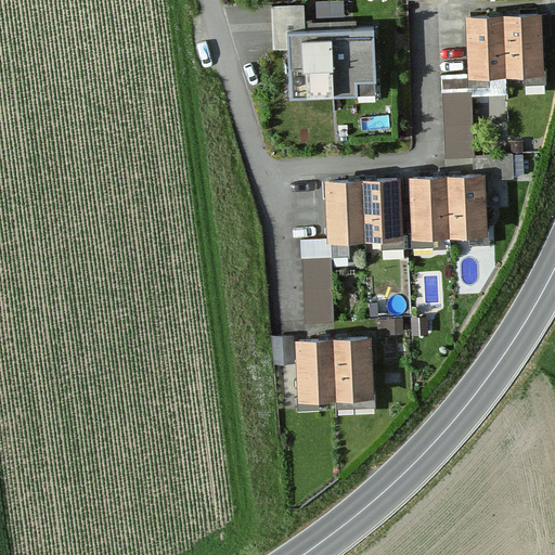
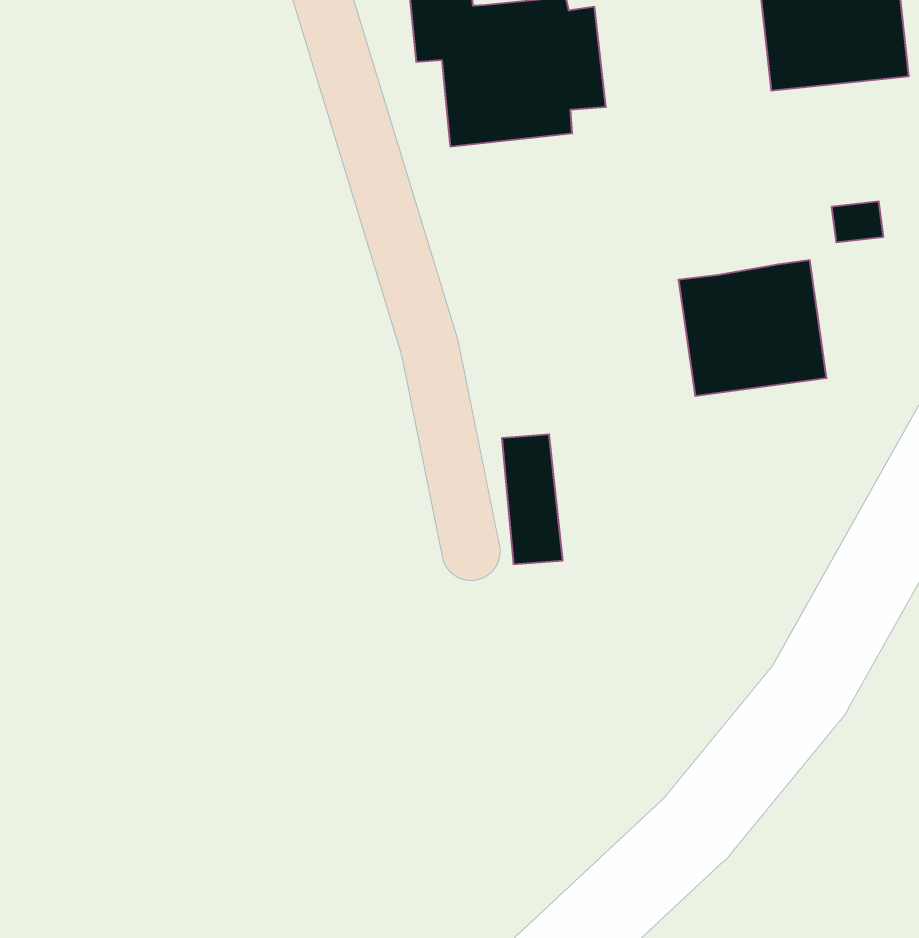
building: [446,91,475,166] -> none
building: [325,179,400,244] -> none
building: [296,339,372,405] -> none

